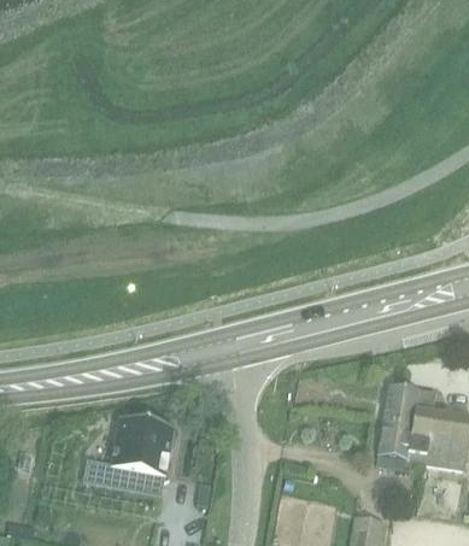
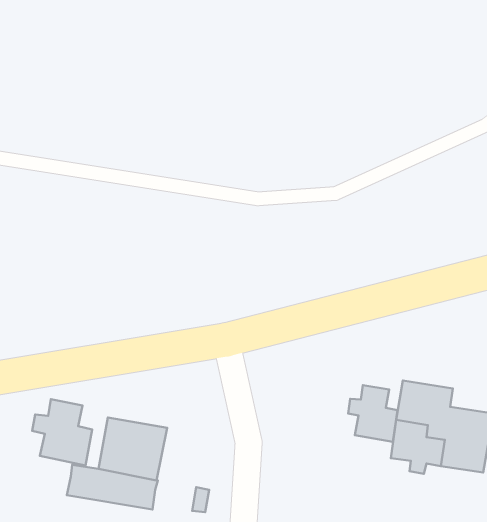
building: none -> [348,385,398,442]
building: none -> [32,399,92,465]

